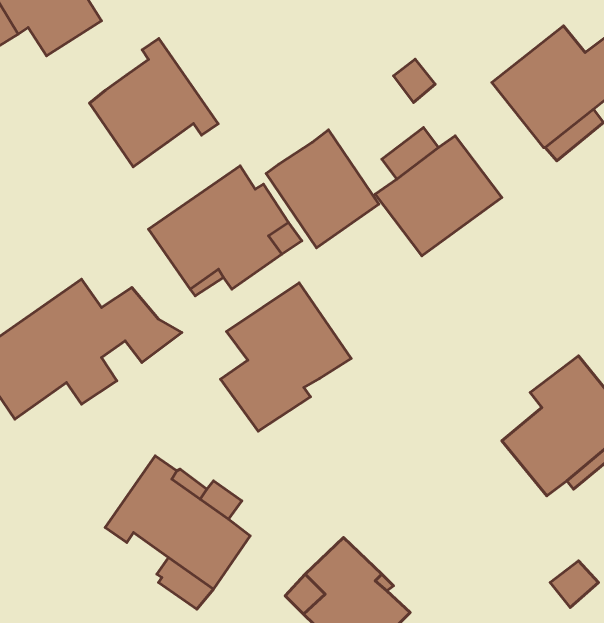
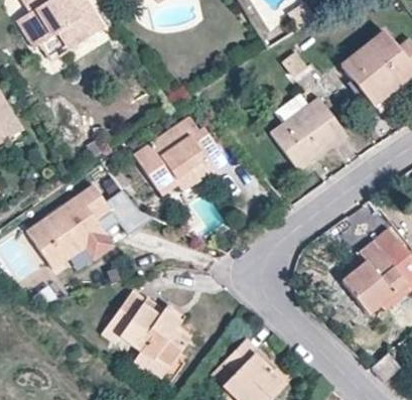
building: [89,38,218,167] -> none
building: [266,130,379,248] -> none
building: [220,283,351,431] -> none

